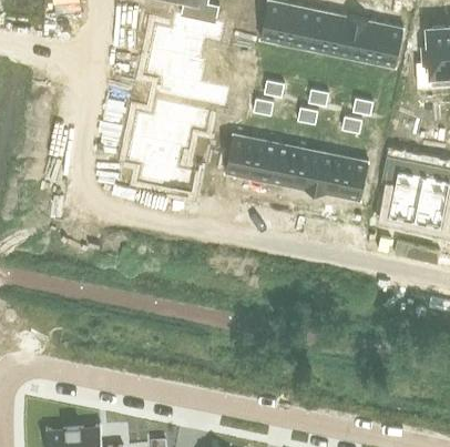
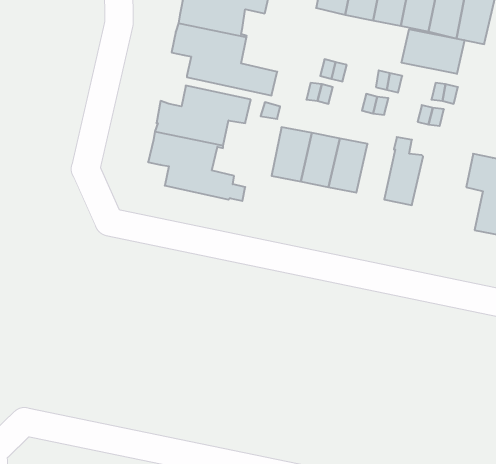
building: none -> [402,29,465,74]
building: [292,148,323,192] -> none
building: [336,158,367,201] -> none

